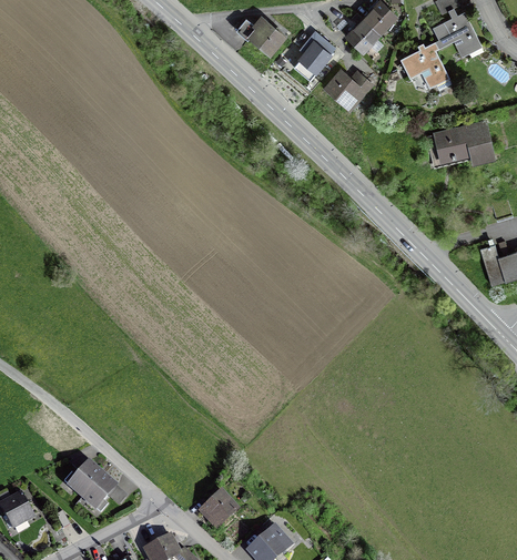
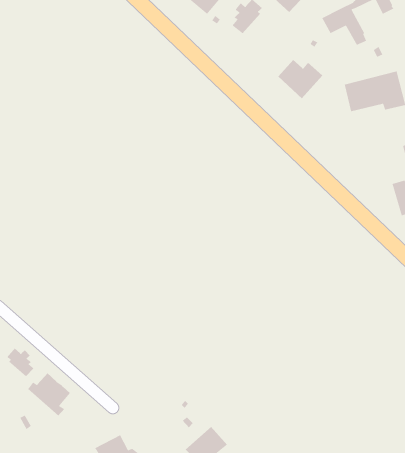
building: [322,65,374,111] -> [278,59,323,99]
building: none -> [6,347,34,377]
building: [196,488,240,530] -> none

